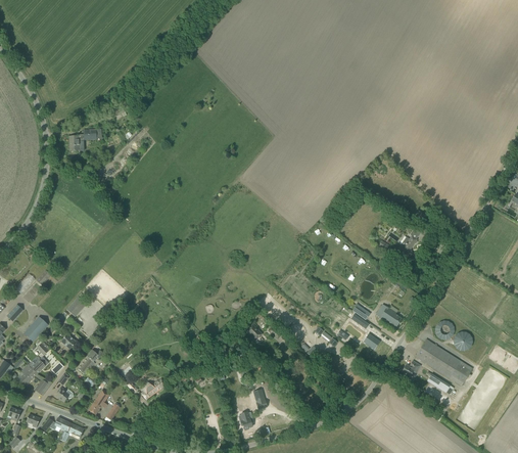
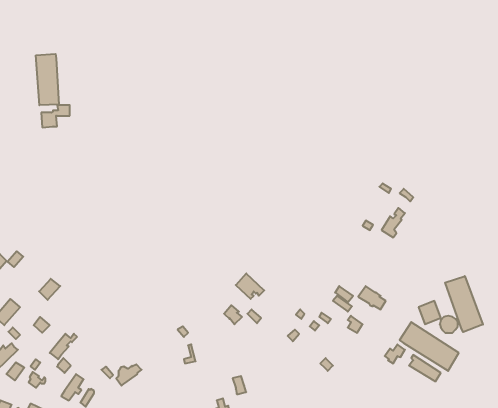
building: none -> [36,54,59,105]
building: none -> [445,276,483,332]

